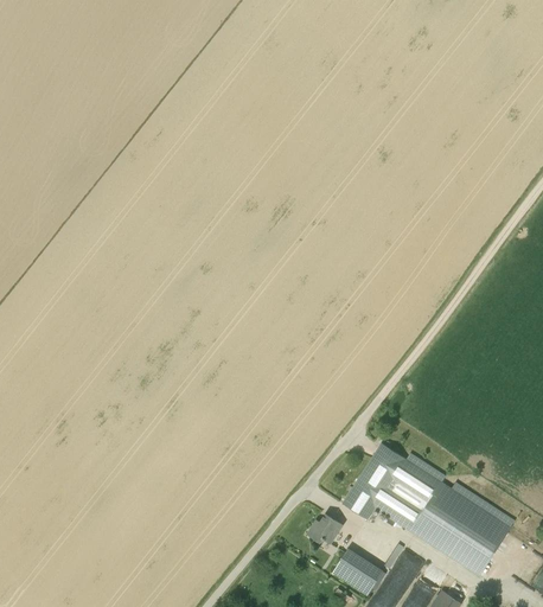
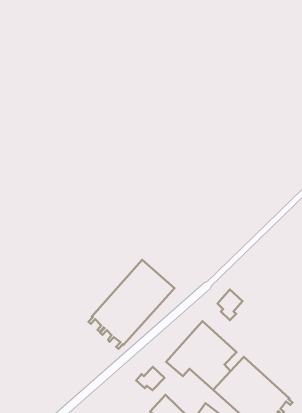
building: none -> [88,260,175,349]
building: none -> [218,290,243,320]

